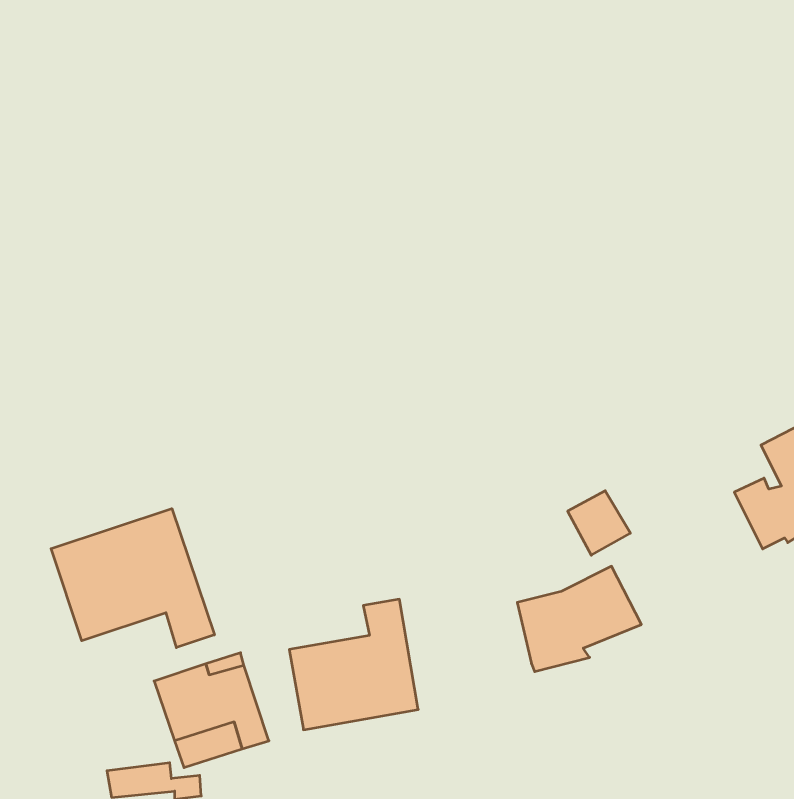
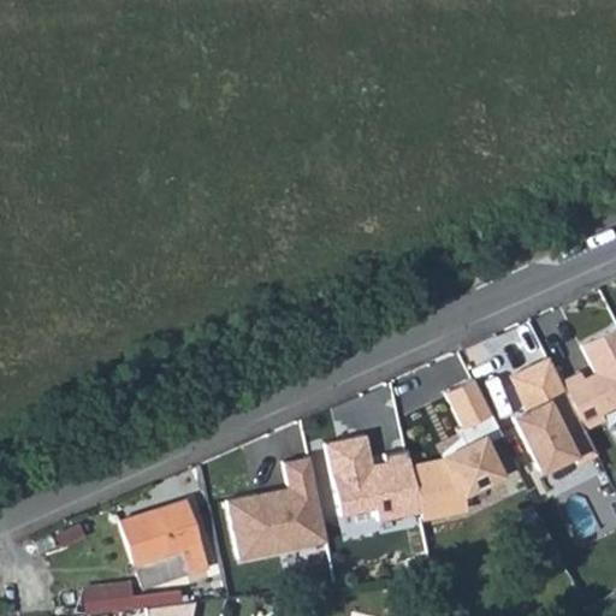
building: none -> [510,357,590,469]
building: [51,509,214,648] -> none
building: none -> [318,430,414,521]

